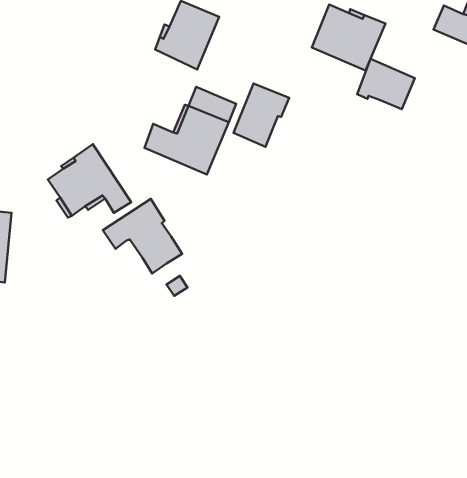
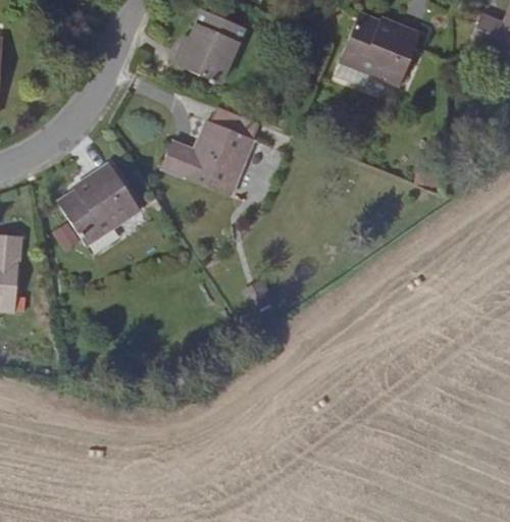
building: [357,59,415,109] -> none
building: [234,83,289,147] -> none
building: [103,199,182,273] -> none

